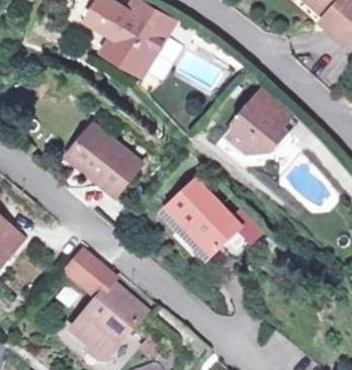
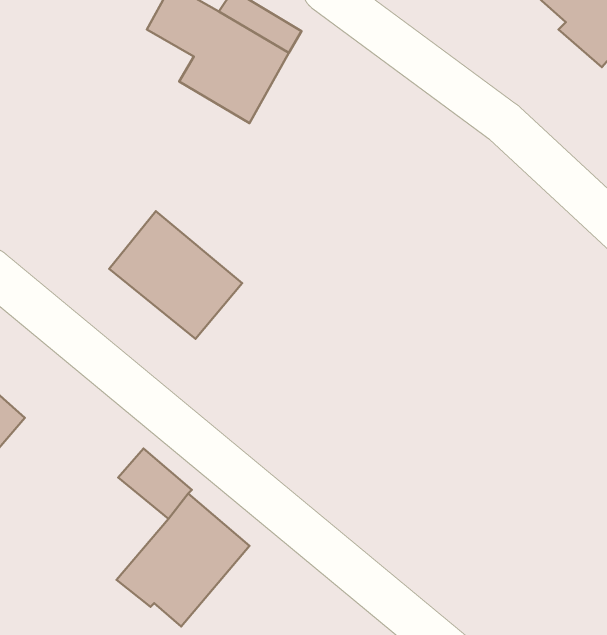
building: [225,91,288,154] -> none
building: [168,183,242,256] -> none

